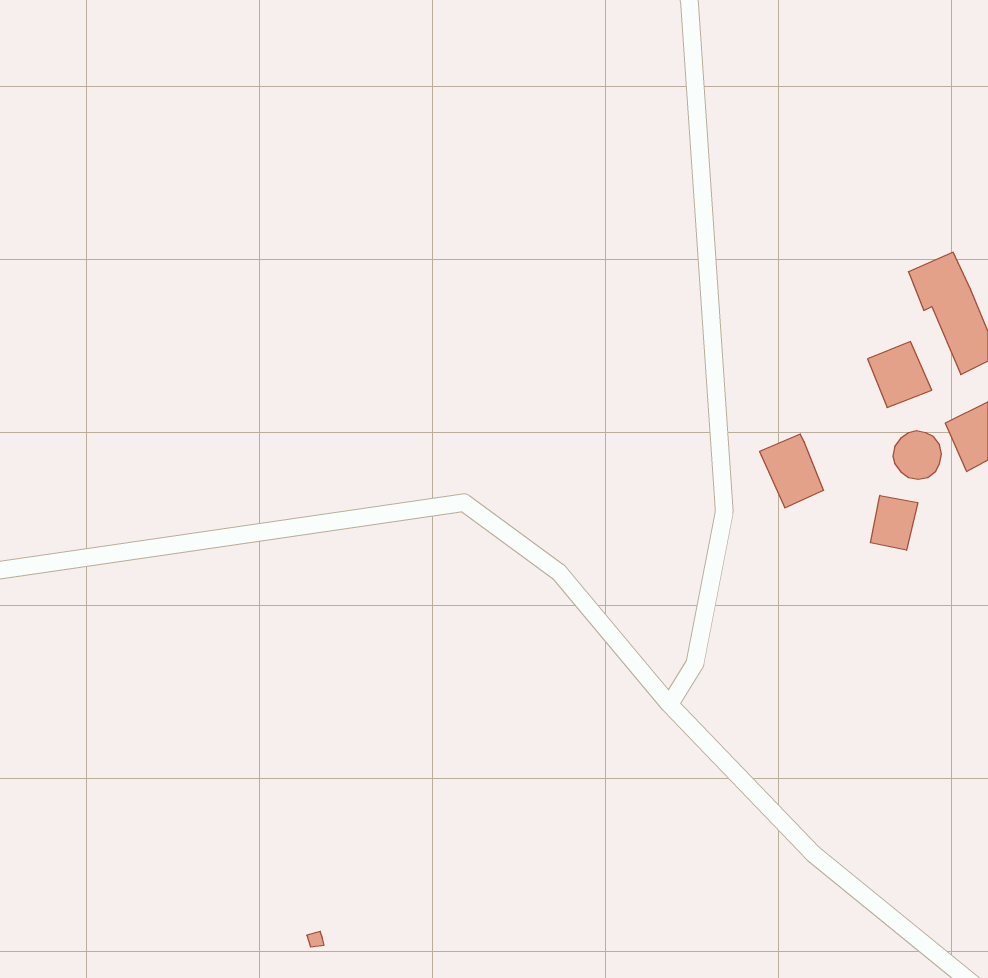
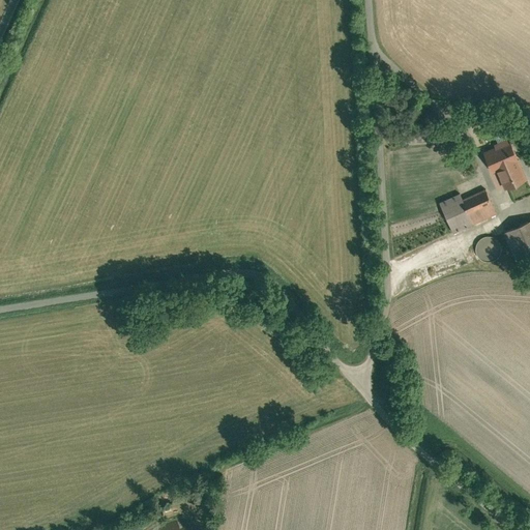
building: [760,434,824,508] -> [439,195,473,234]
building: [870,495,918,550] -> none

